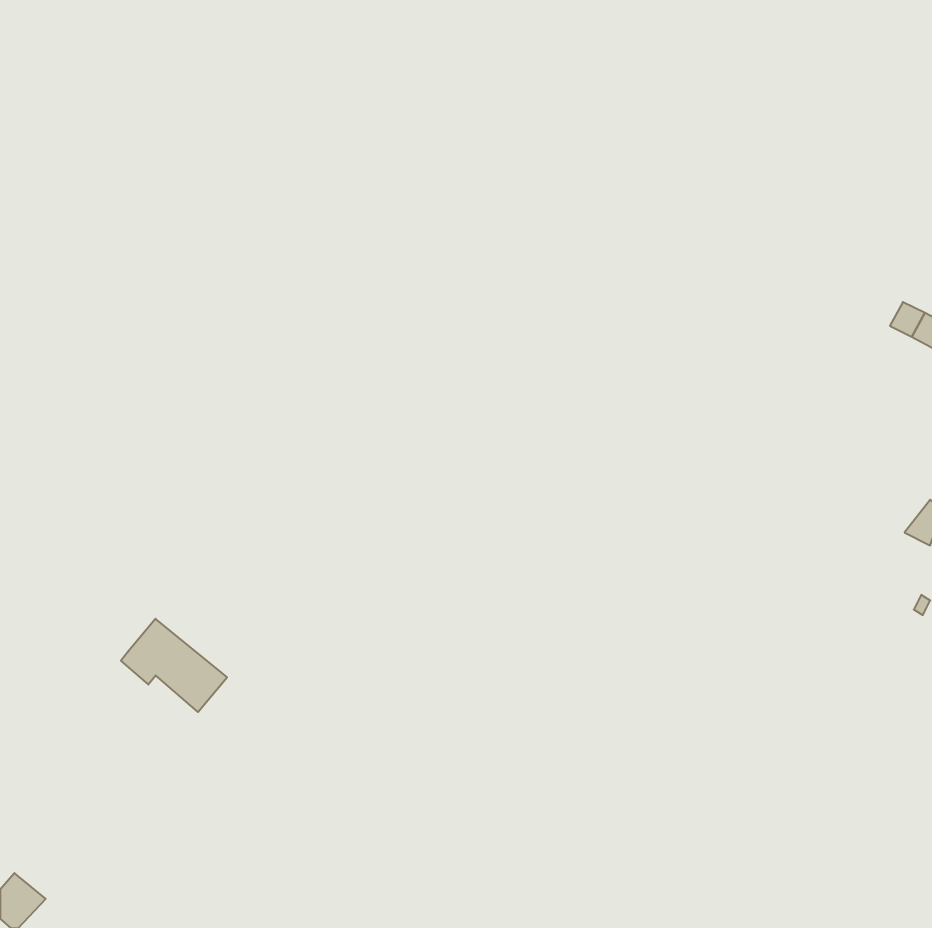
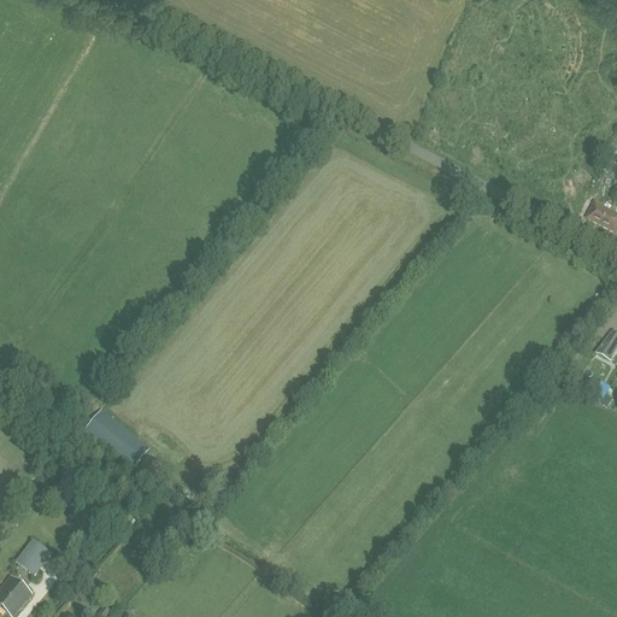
building: none -> [18,536,54,574]

